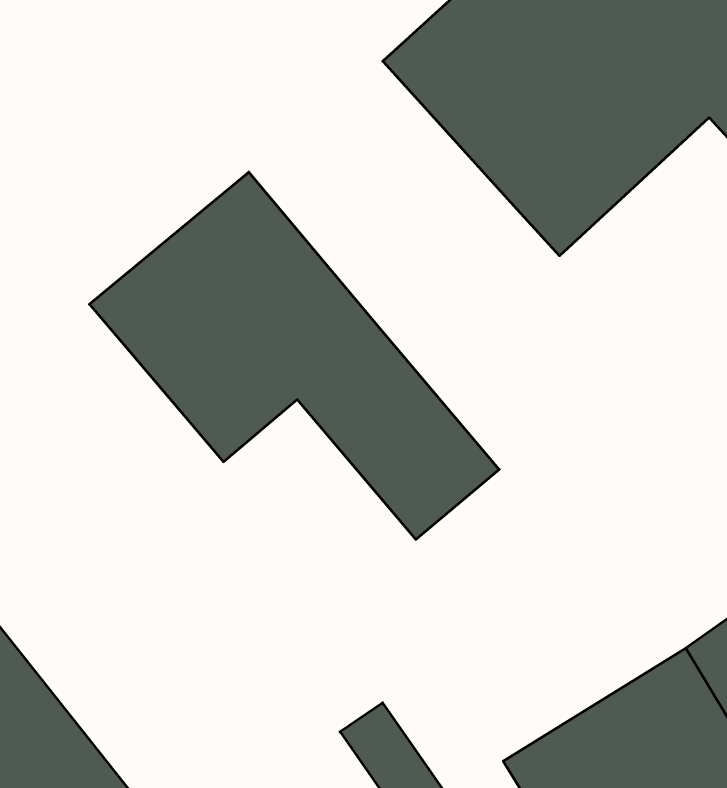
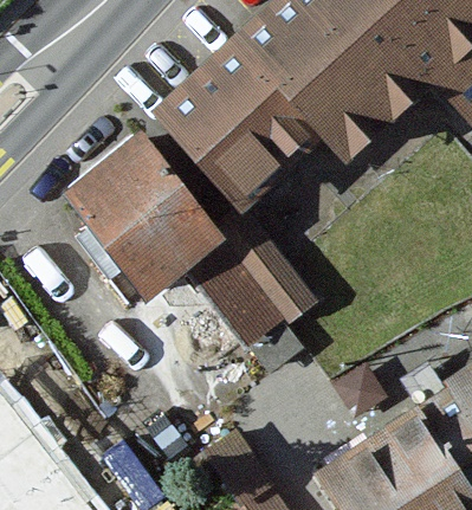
building: none -> [153,50,316,213]

